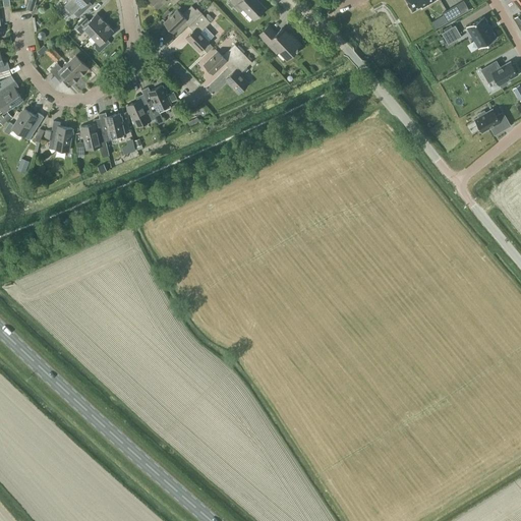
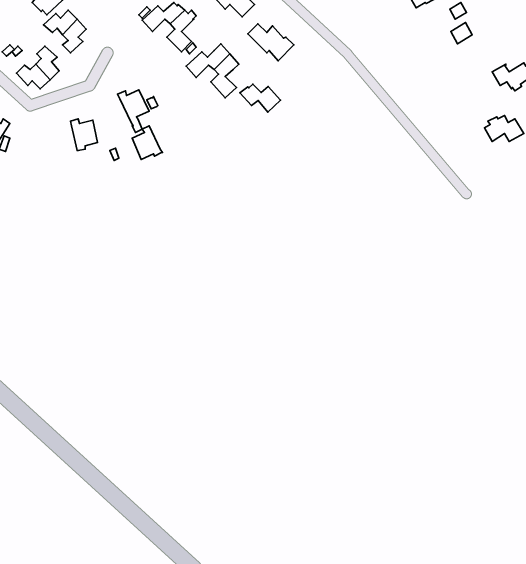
building: [466,17,497,49] -> none
building: none -> [240,84,281,112]
building: [128,95,156,125] -> [132,126,162,159]
building: [82,119,107,148] -> none
building: [45,122,72,150] -> none

